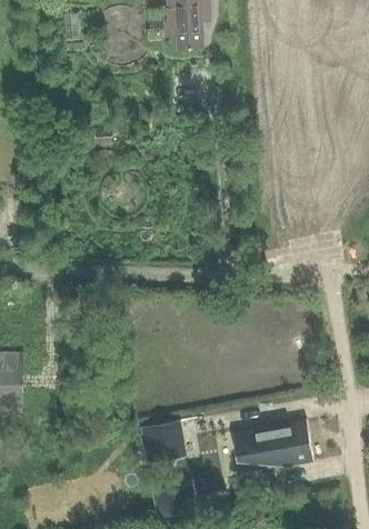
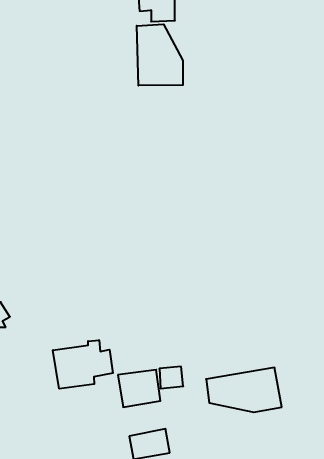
building: none -> [137,24,183,86]
building: none -> [53,340,113,389]

